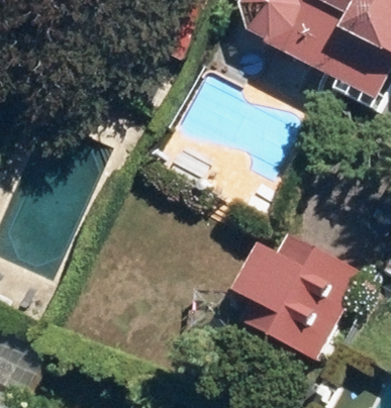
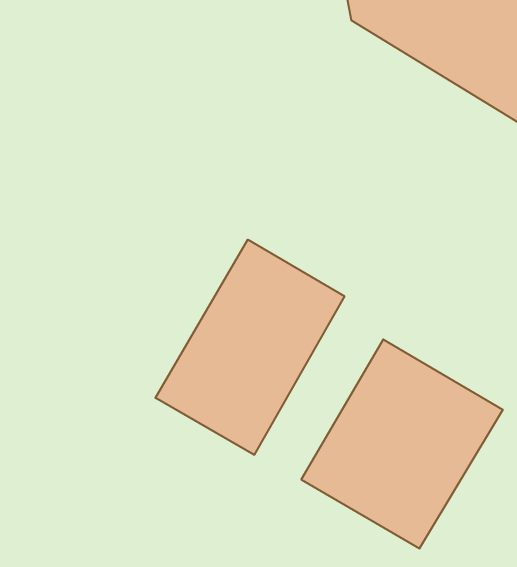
building: none -> [155,240,344,455]

